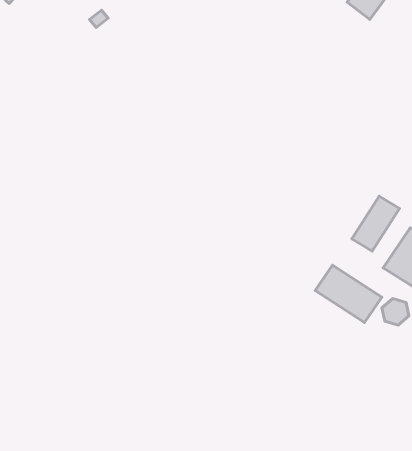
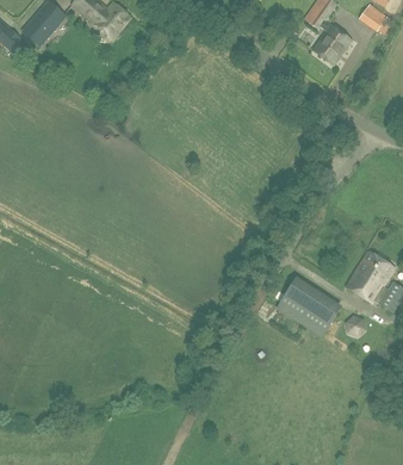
building: [352,196,400,251] -> none

